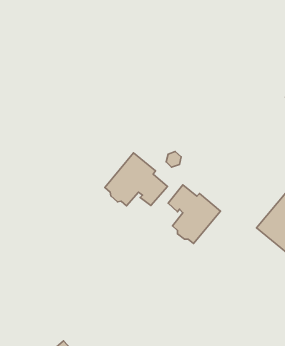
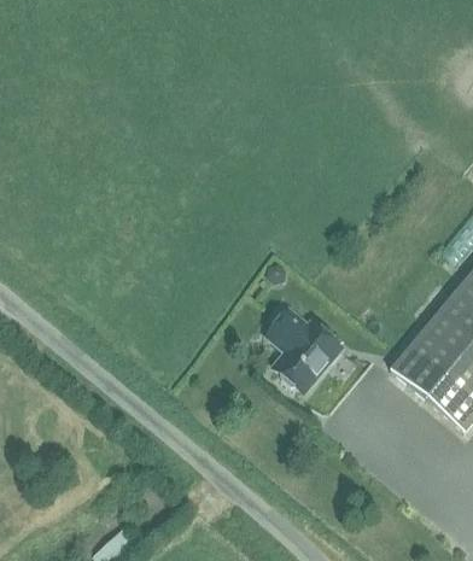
building: [105,153,167,206] -> none

